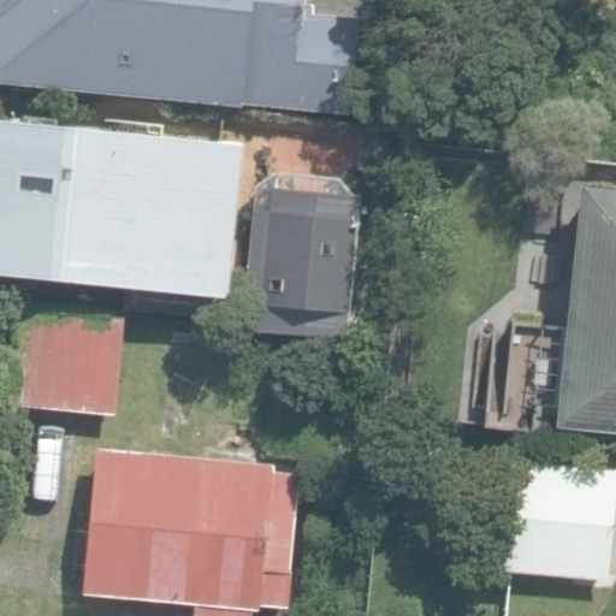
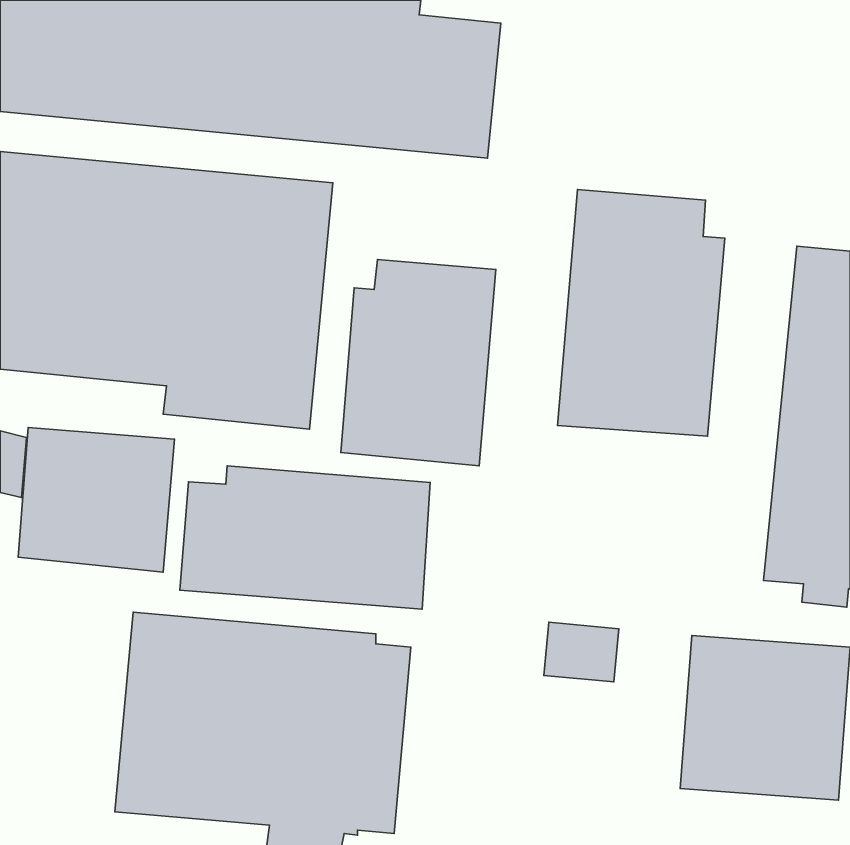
building: none -> [557,189,725,436]
building: none -> [180,466,430,609]

